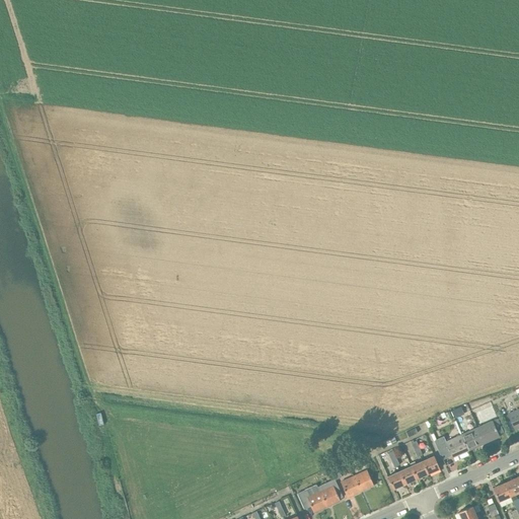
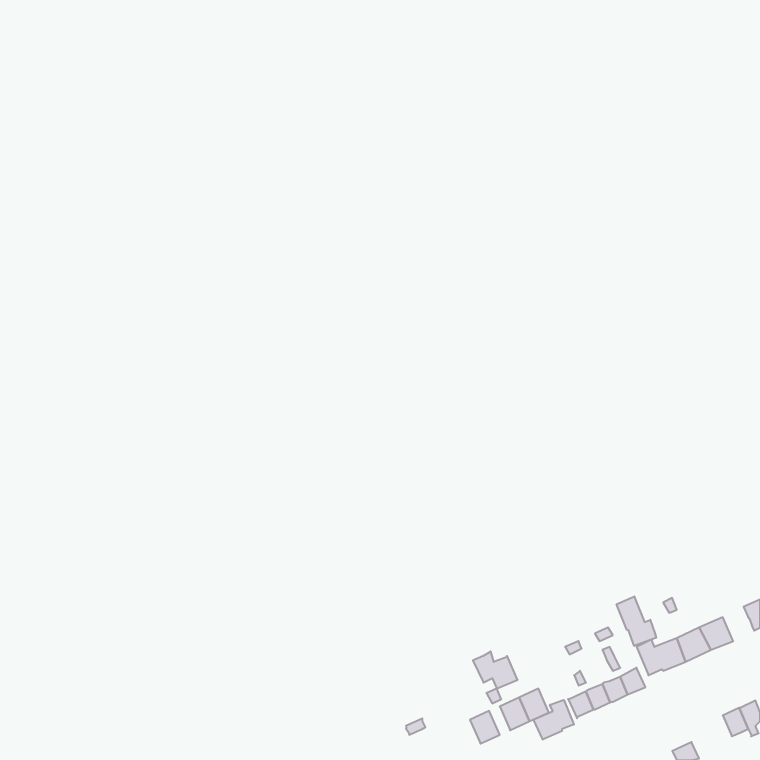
building: none -> [617,596,656,646]
building: none -> [533,700,574,740]
building: [297,488,327,513] -> [473,651,518,689]

